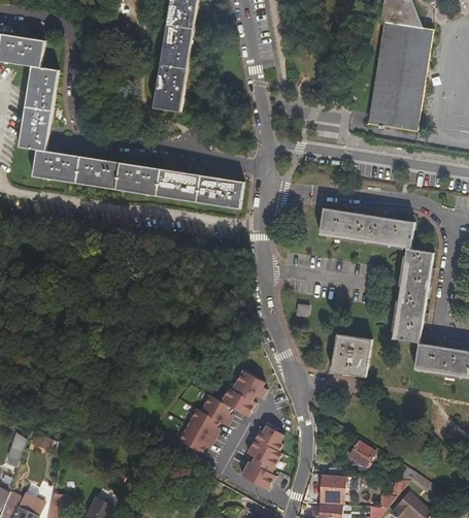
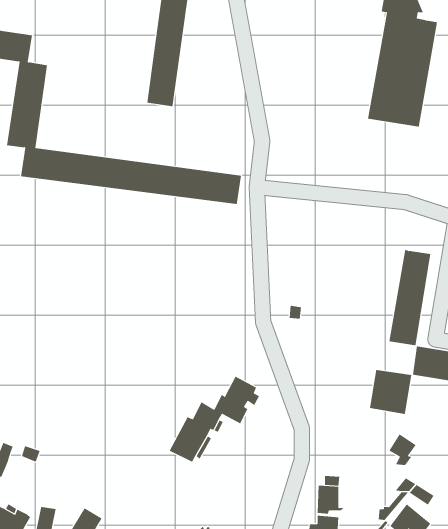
building: [316,205,412,249] -> none
building: [329,332,370,376] -> [369,369,412,414]
building: [239,425,282,489] -> none
building: [347,441,374,472] -> [389,433,416,466]

